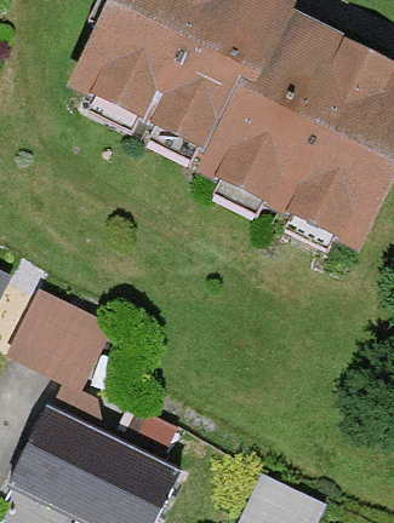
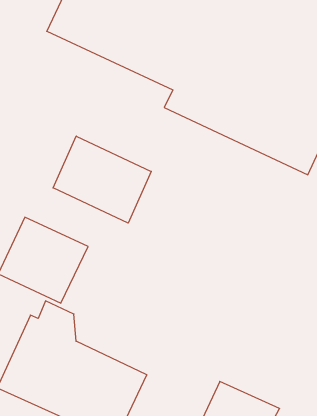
building: none -> [53,136,151,223]

